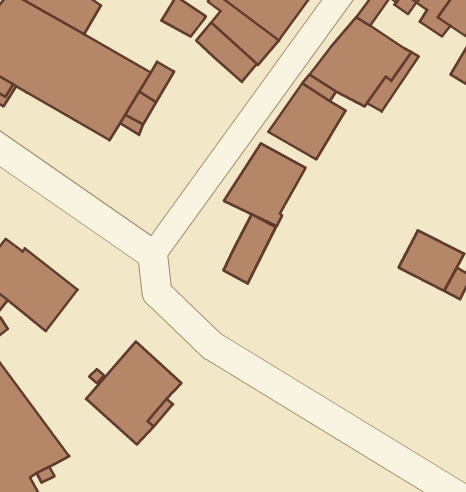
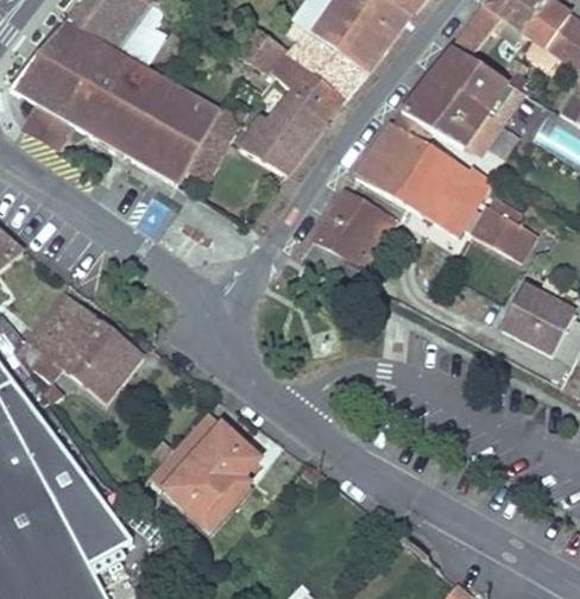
building: none -> [241,92,326,175]
building: none -> [409,152,492,235]
building: none -> [472,196,537,260]
building: [224,214,276,284] -> none

